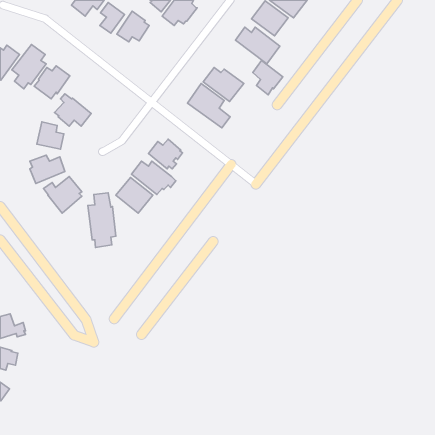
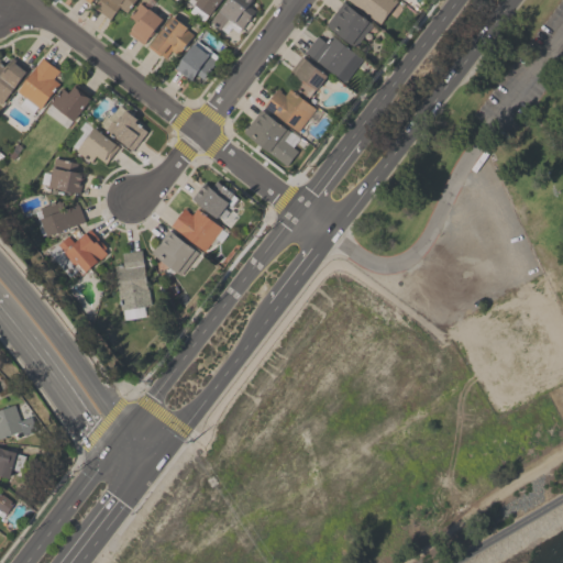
building: none -> [175,41,218,81]
building: [253,61,283,95] -> [289,55,328,99]
building: none -> [100,106,147,151]

